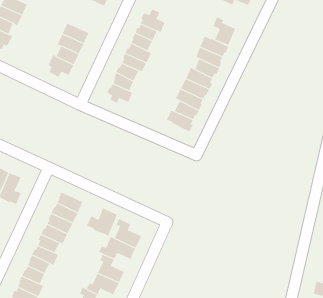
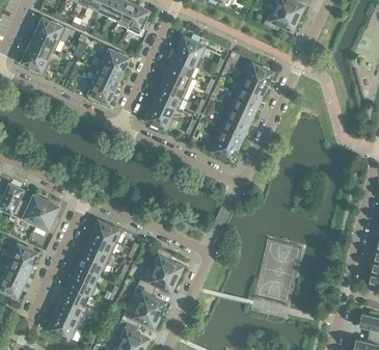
building: [213,16,237,46] -> none
building: [86,208,117,236] -> none

